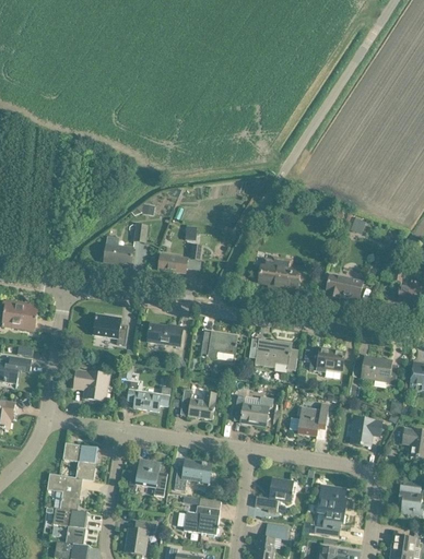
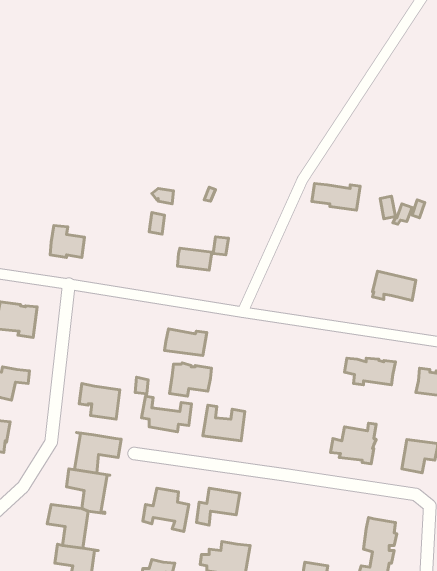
building: [103,236,132,263] -> [50,226,84,257]
building: [258,265,299,288] -> [312,183,360,210]
building: [92,313,127,344] -> none
building: [200,330,236,358] -> [170,363,212,396]
building: [248,337,297,369] -> none
building: [233,394,273,426] -> none
building: none -> [75,432,121,473]
building: [254,476,293,512] -> none

